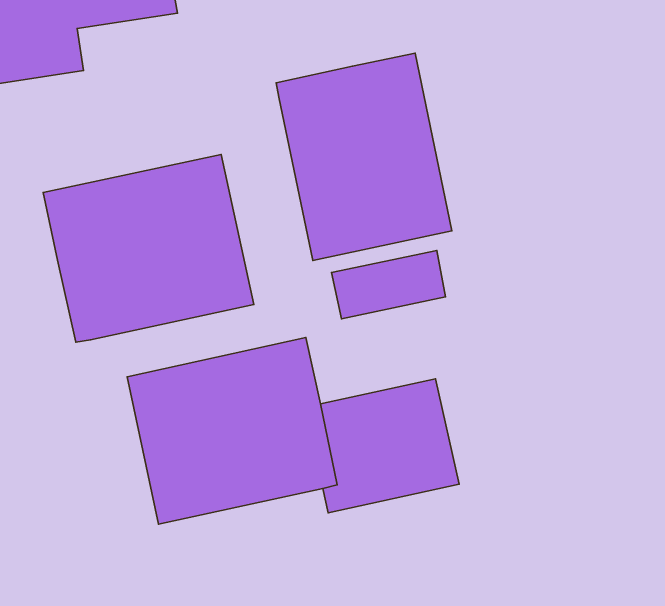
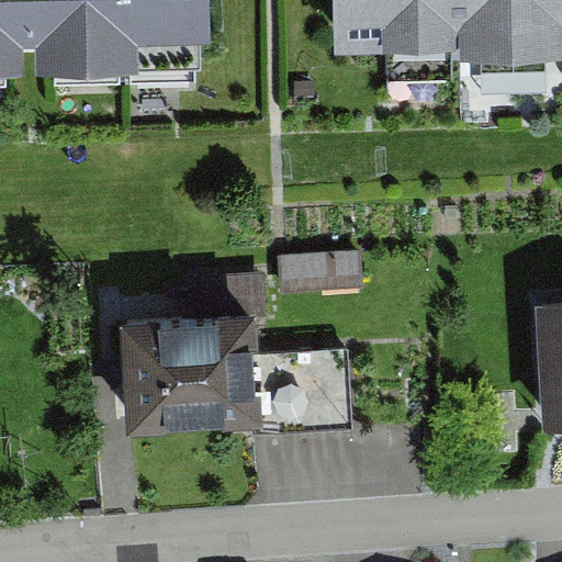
building: [276,53,452,260] -> none
building: [43,155,254,342] -> none

